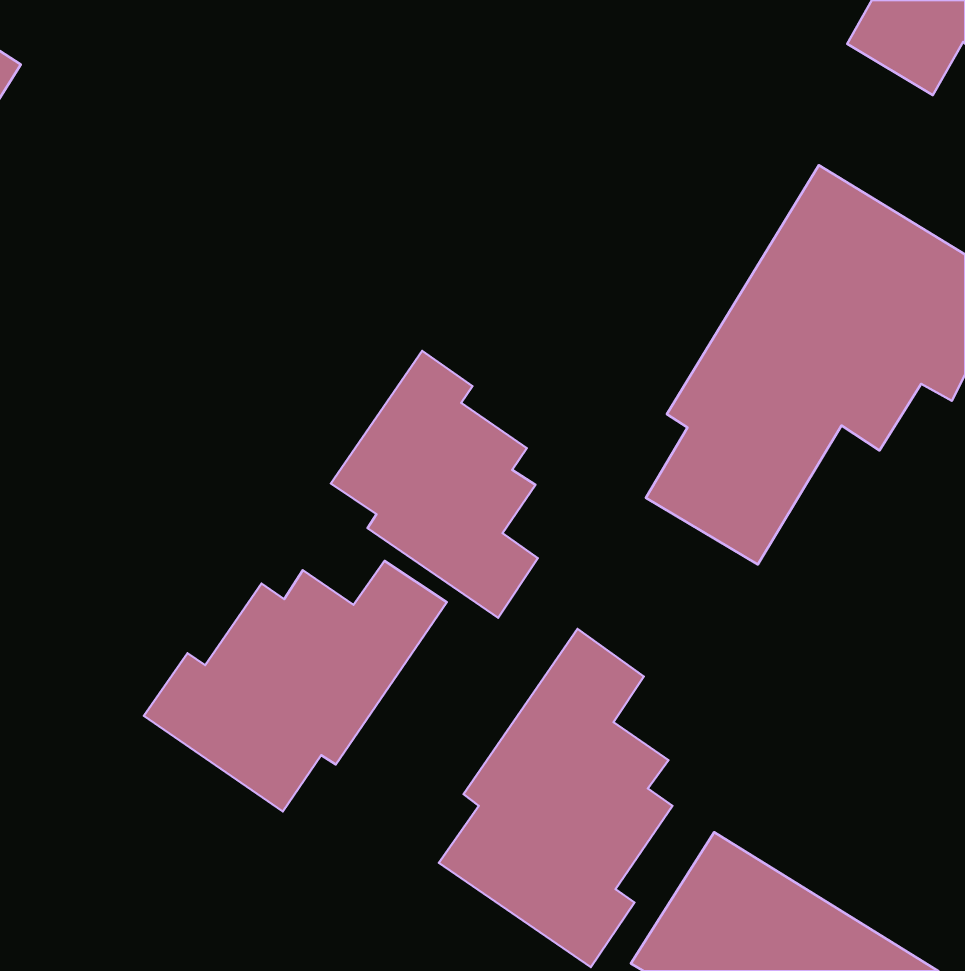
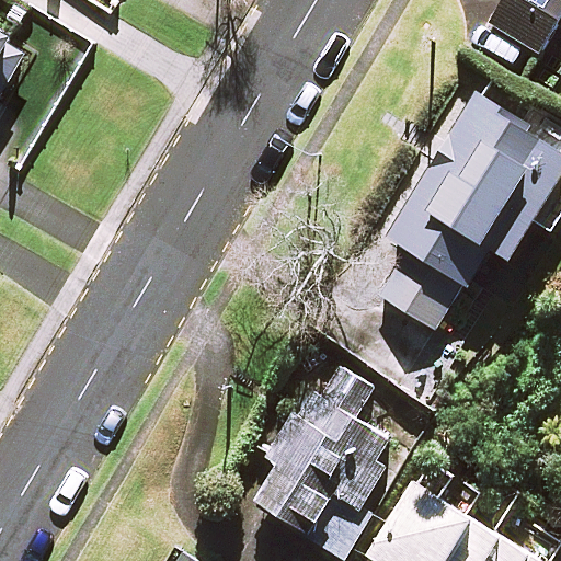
building: [331,351,538,618] -> none
building: [144,561,447,812] -> none

